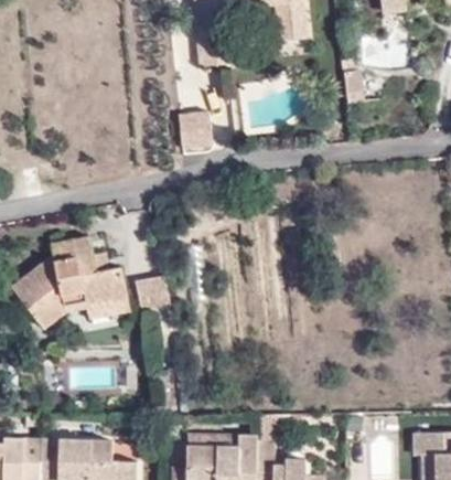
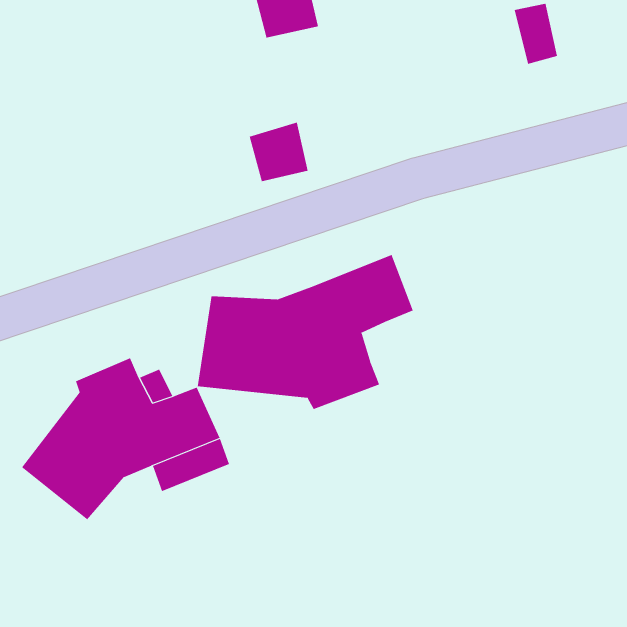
building: none -> [197,254,414,410]

